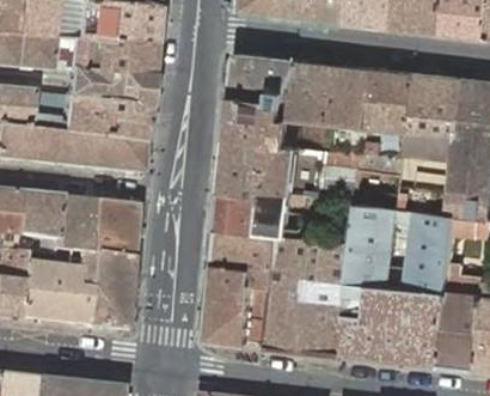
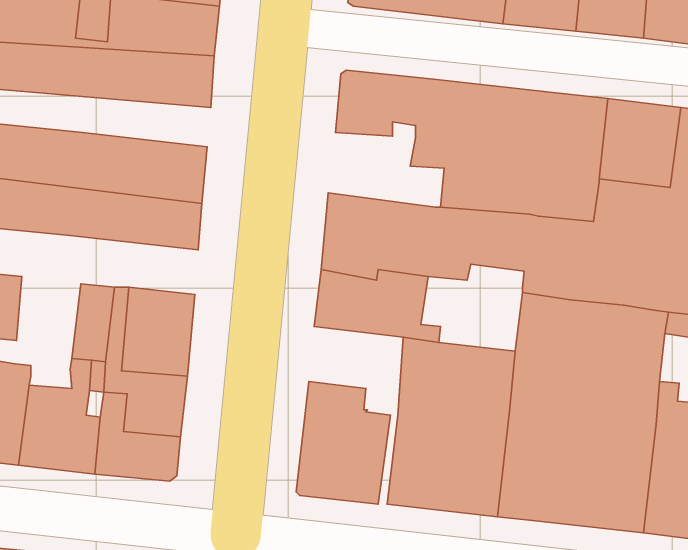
building: [61,71,147,104] -> none
building: [226,87,304,145] -> none
building: [17,191,60,254] -> none
building: [213,225,276,285] -> none

